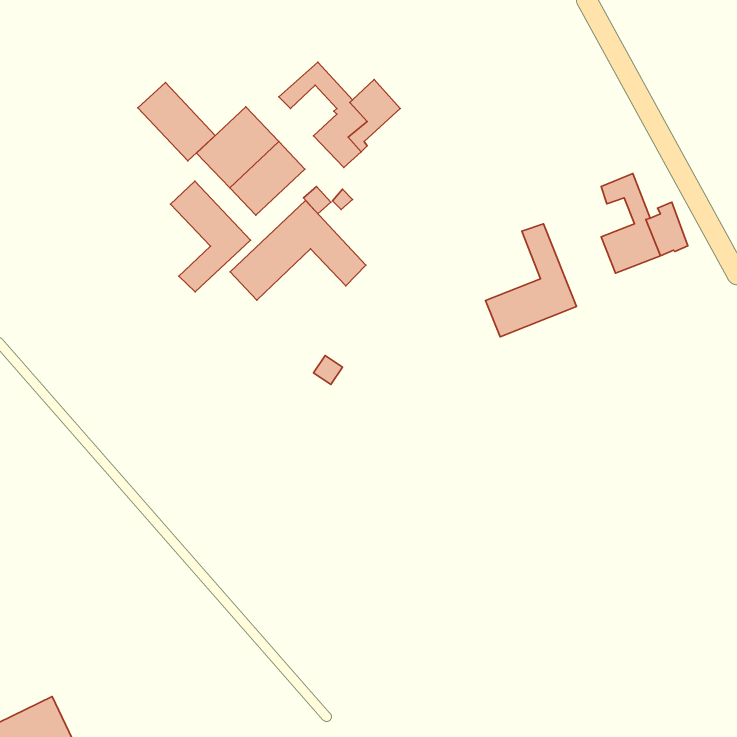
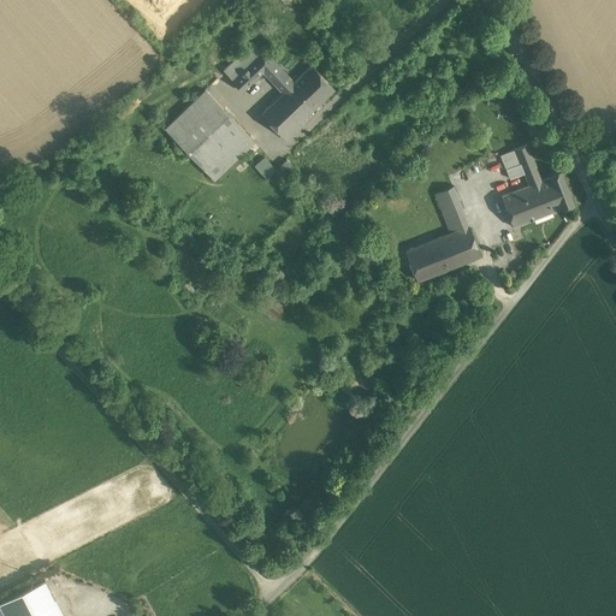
building: [138,83,215,161] -> none
building: [171,181,250,292] -> none
building: [230,201,366,300] -> none

